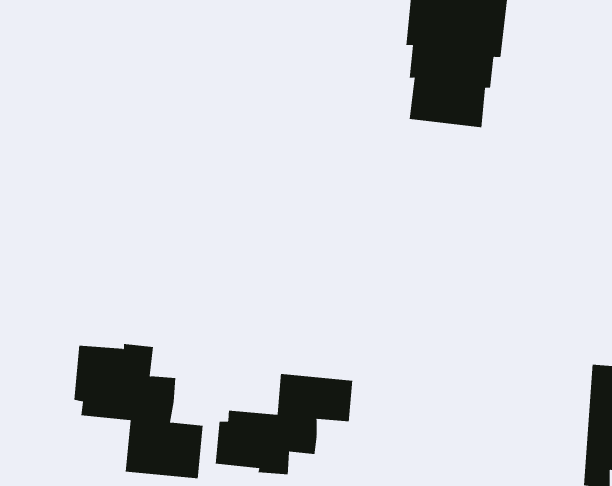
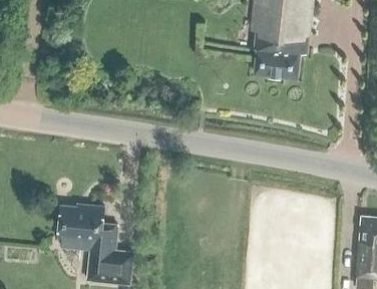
building: [215,373,353,475] -> none

